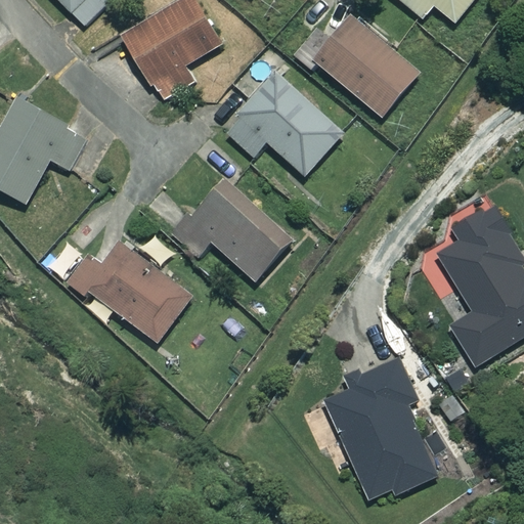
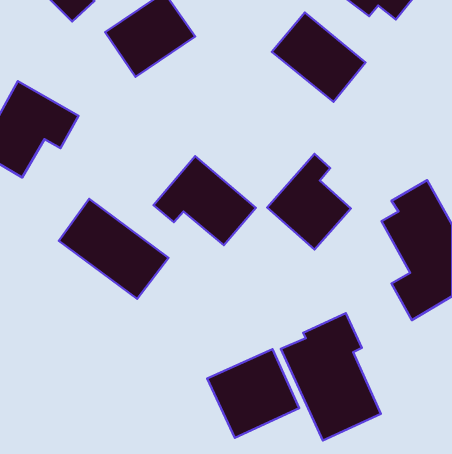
building: [227,70,344,176] -> none
building: none -> [267,154,351,250]
building: none -> [207,349,299,438]

